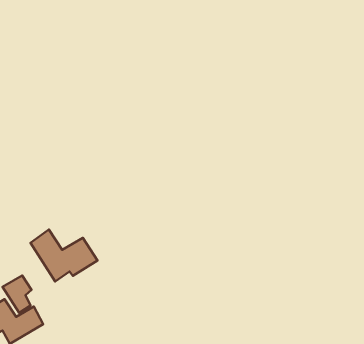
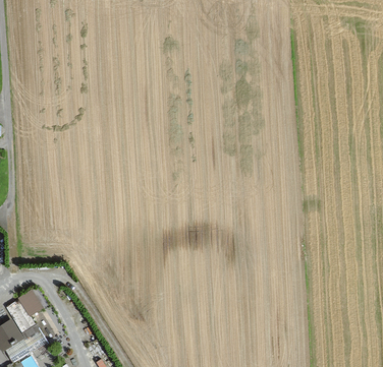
building: [30,229,98,281] -> none

